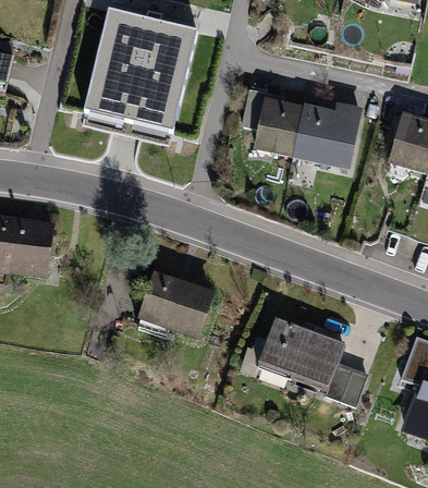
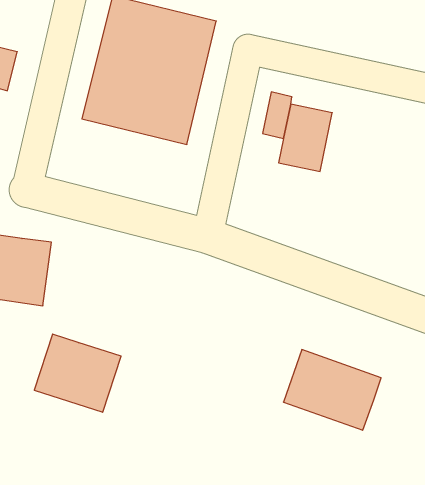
building: [292,102,363,171] -> none
building: [138,273,216,343] -> [34,334,121,412]
building: [328,363,367,405] -> none

